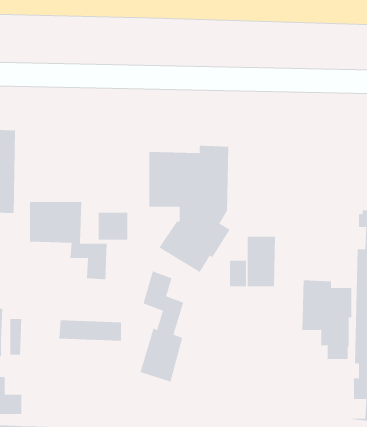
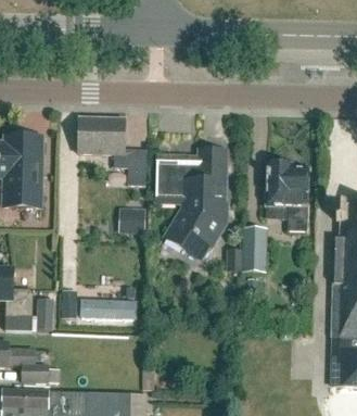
building: [29,202,108,280] -> [80,117,148,185]
building: [140,270,184,383] -> none
building: [302,280,352,360] -> [267,162,310,230]

